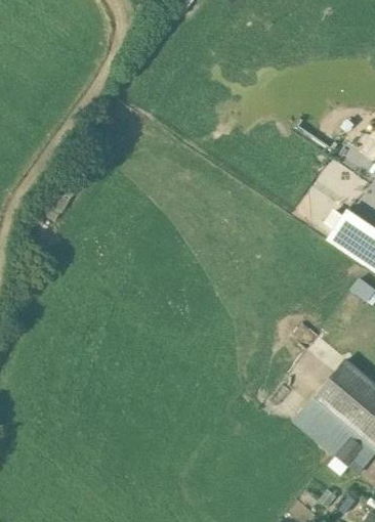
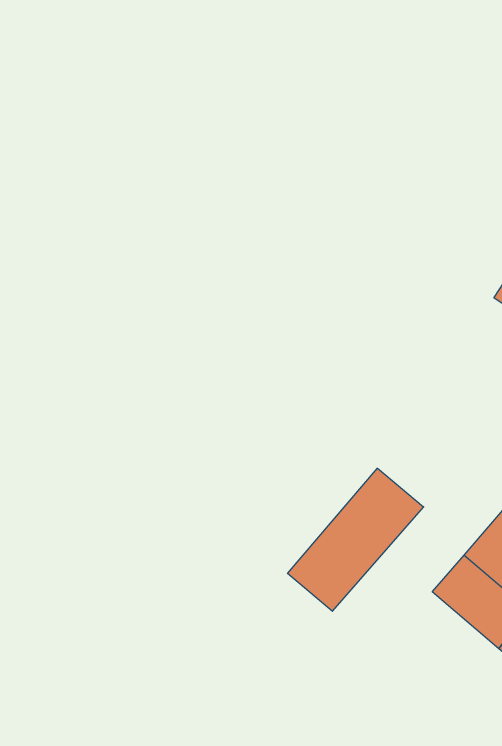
building: none -> [288,468,424,611]

